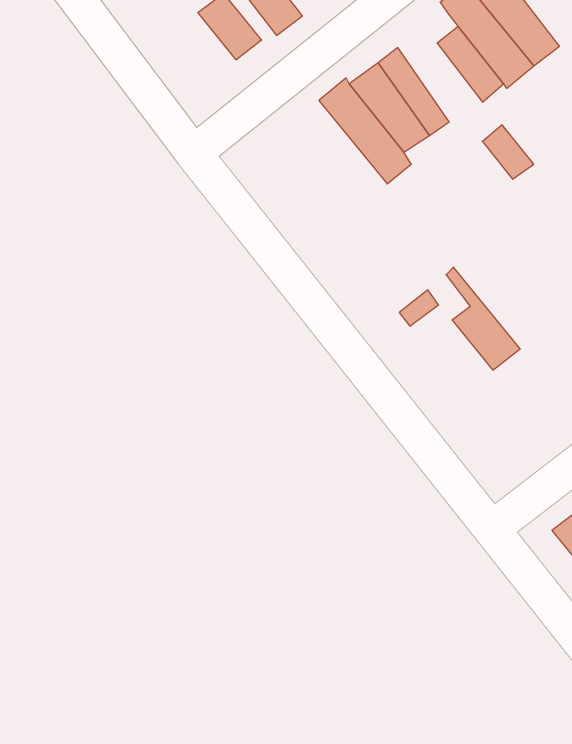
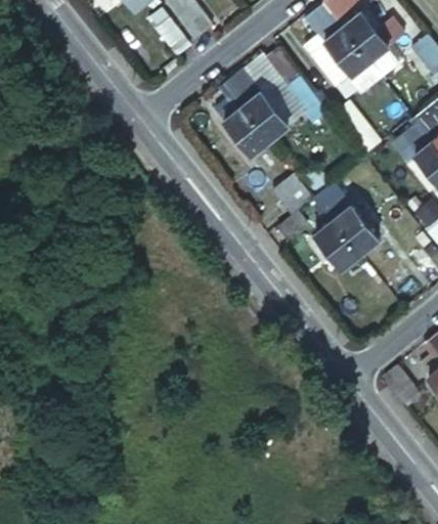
building: none -> [216,86,272,157]
building: none -> [273,176,312,217]
building: none -> [317,185,380,254]

